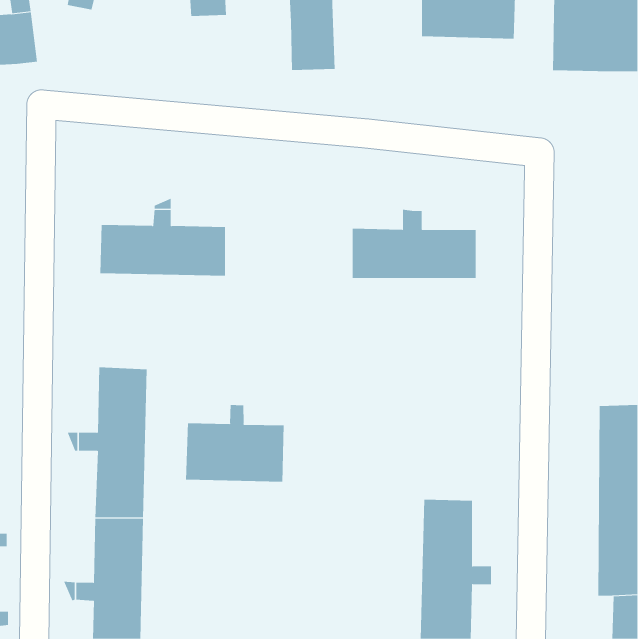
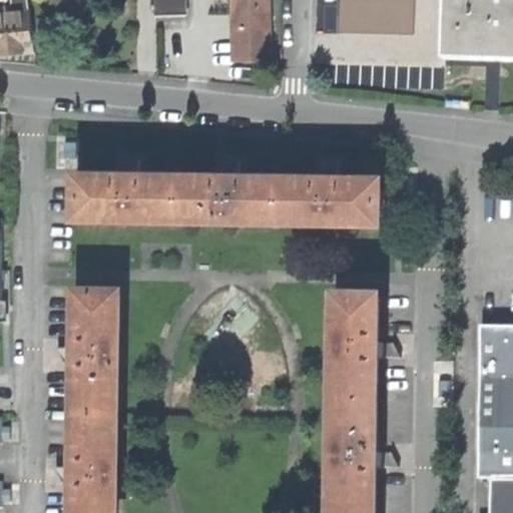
building: none -> [179,165,280,221]
building: none -> [337,297,392,398]
building: [185,404,284,483] -> none

